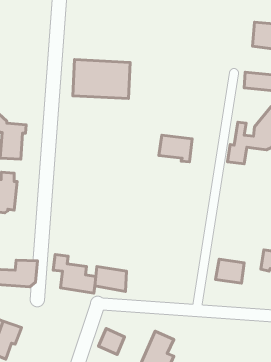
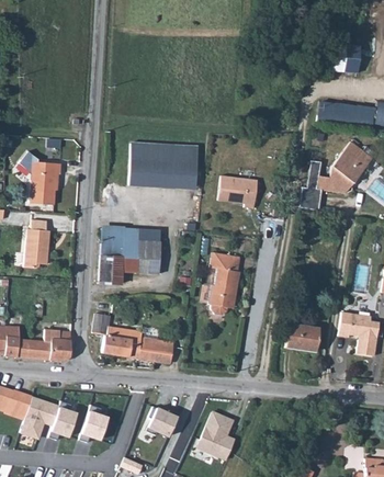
building: [73,60,130,99] -> [129,144,197,190]
building: none -> [99,229,161,285]
building: none -> [210,252,241,316]
building: none -> [46,407,72,438]
building: none -> [76,411,105,441]

